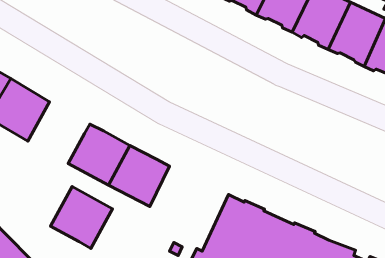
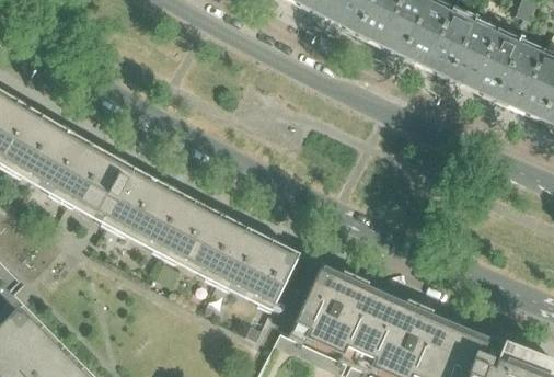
building: none -> [220,228,299,306]
building: [51,187,112,248] -> [65,146,143,225]

